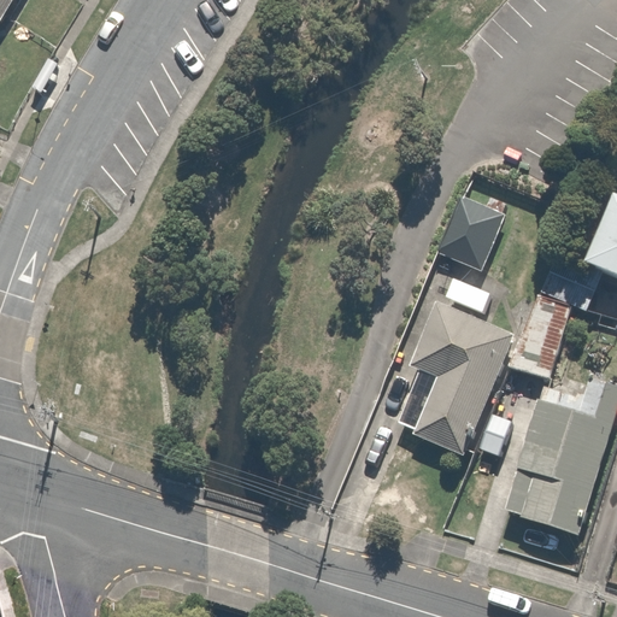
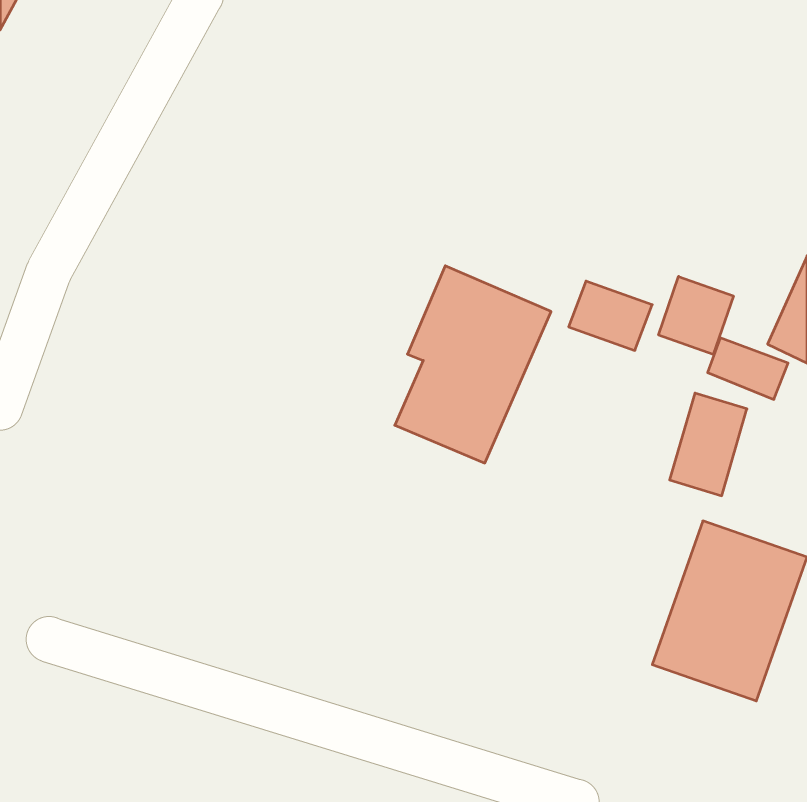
building: none -> [659,276,733,355]
building: [395,300,515,451] -> [395,266,551,463]

